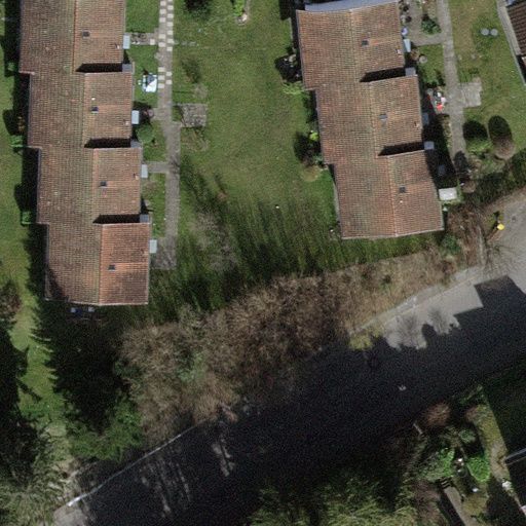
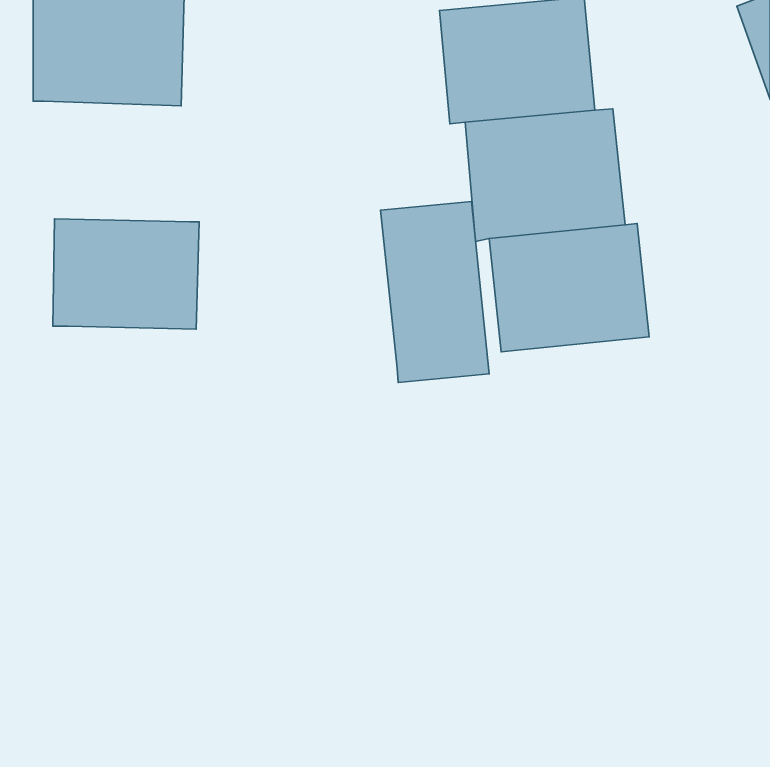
building: [28,69,132,151] -> none
building: none -> [381,201,489,382]
building: [45,222,146,303] -> none

